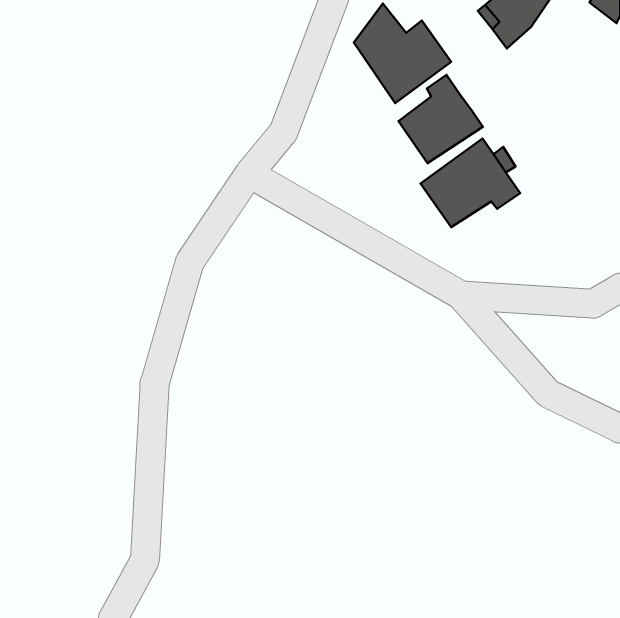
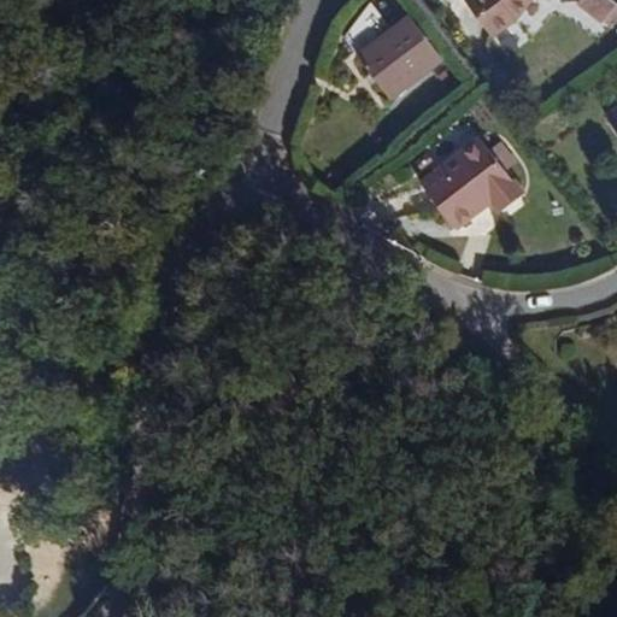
building: [399,75,483,163] -> none

